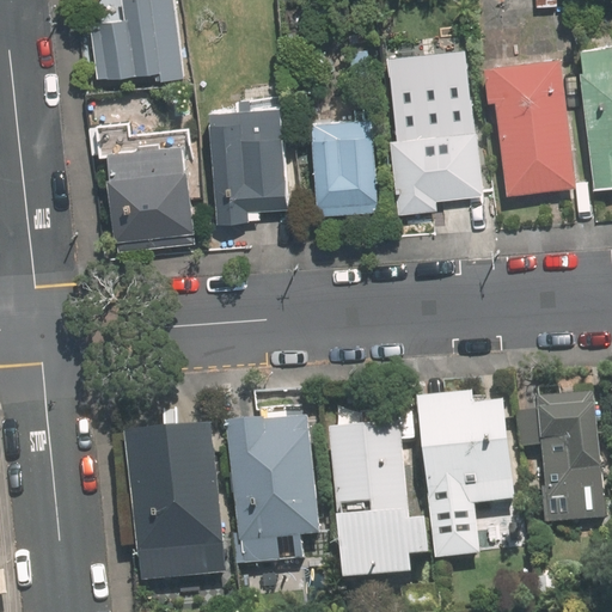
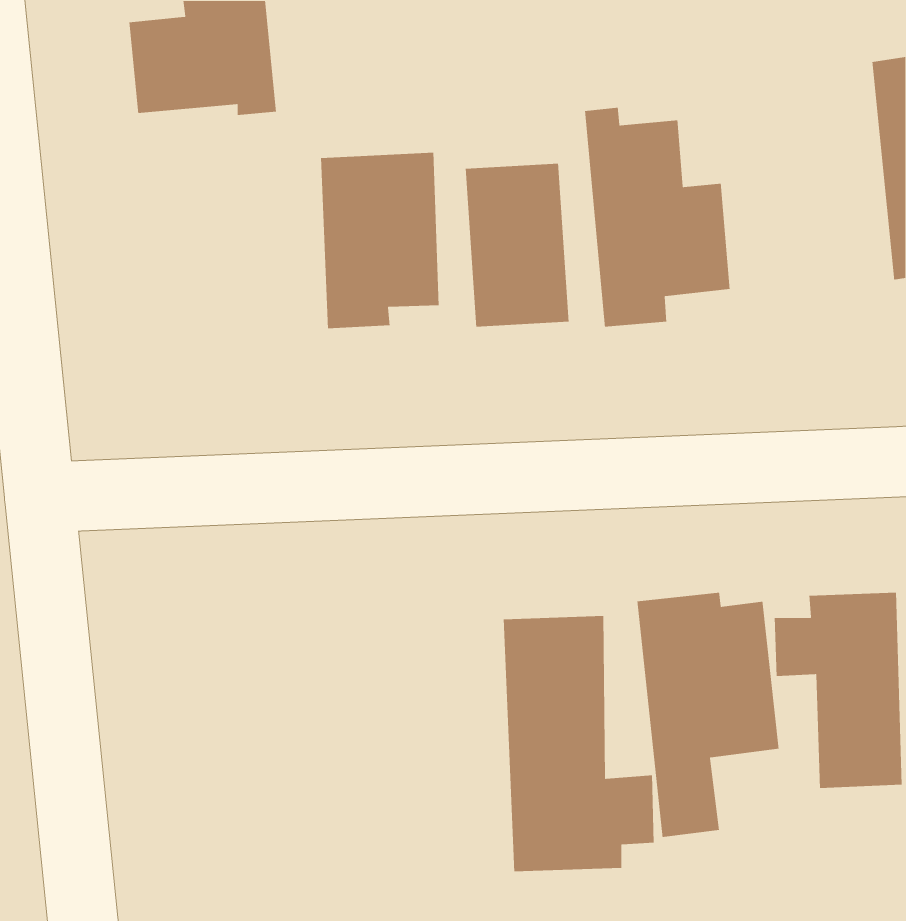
building: [486,54,574,191] -> none
building: [84,114,196,240] -> none
building: [230,422,317,563] -> none
building: [127,428,221,583] -> none

